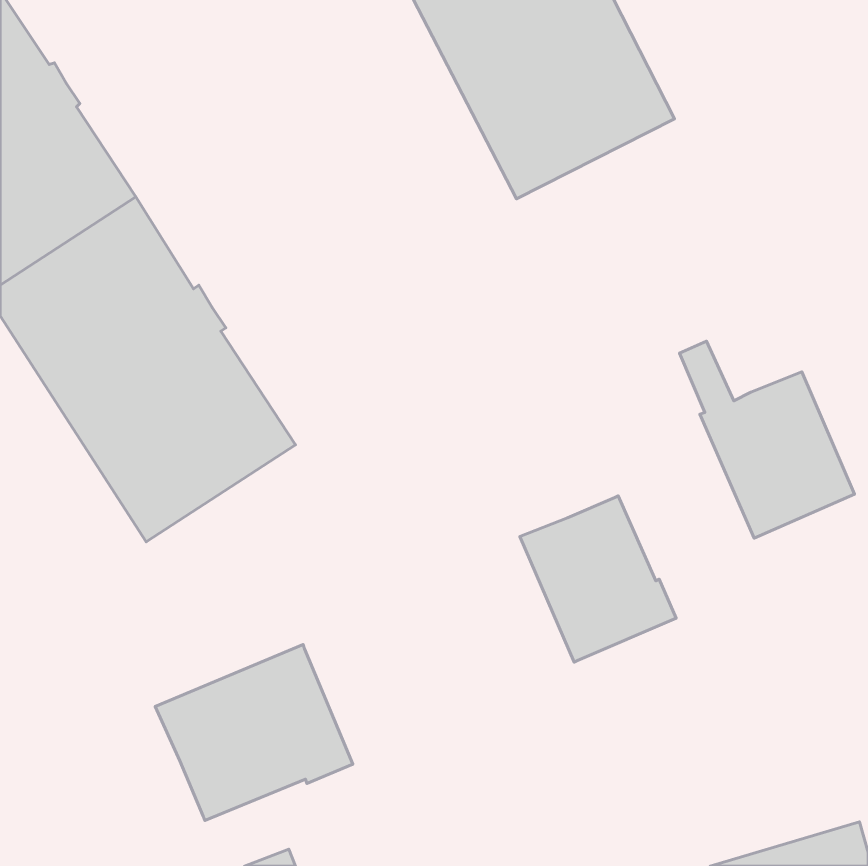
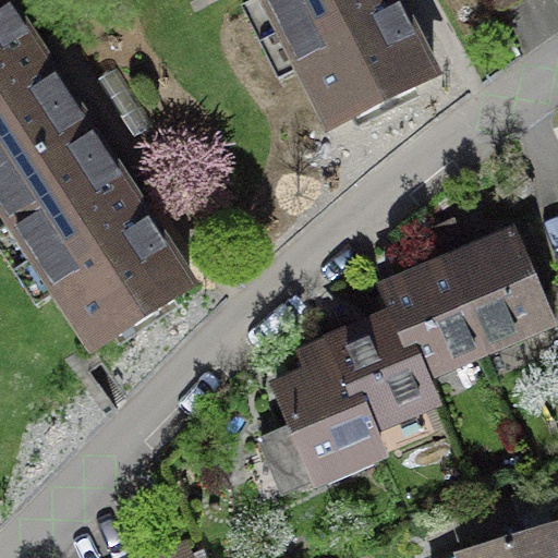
building: none -> [384,266,484,373]
building: none -> [262,344,381,490]
building: [155,645,353,821] -> none

